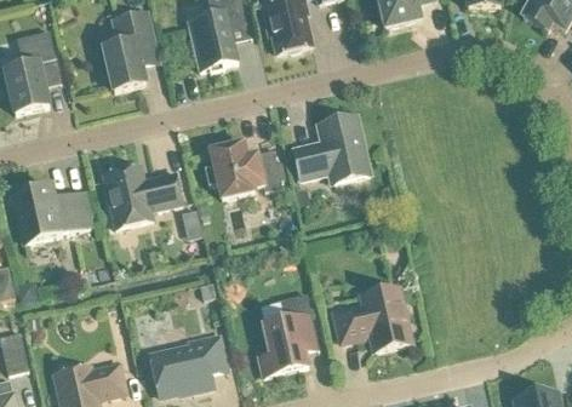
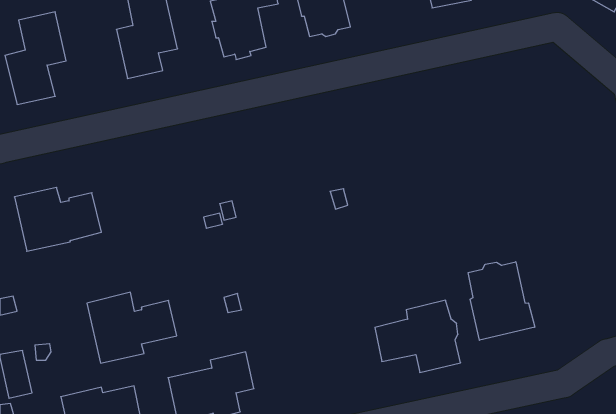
building: [293,114,370,182] -> none
building: [205,141,282,196] -> none
building: [103,164,183,227] -> [87,292,177,363]
building: none -> [468,262,535,340]
building: [258,292,319,374] -> none

